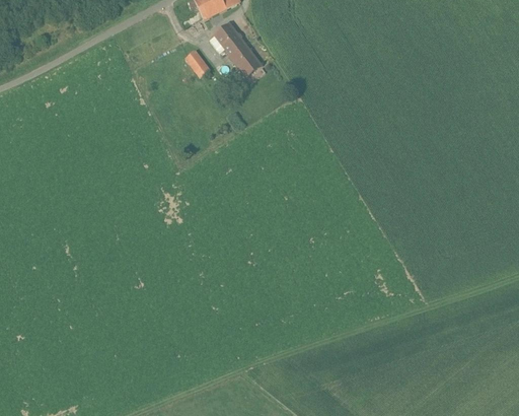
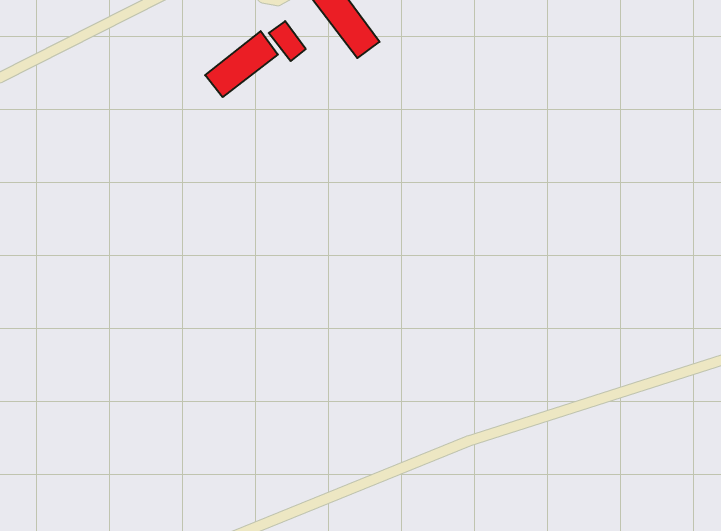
building: none -> [205,31,278,97]

